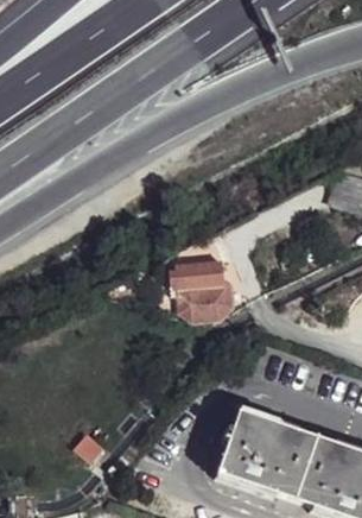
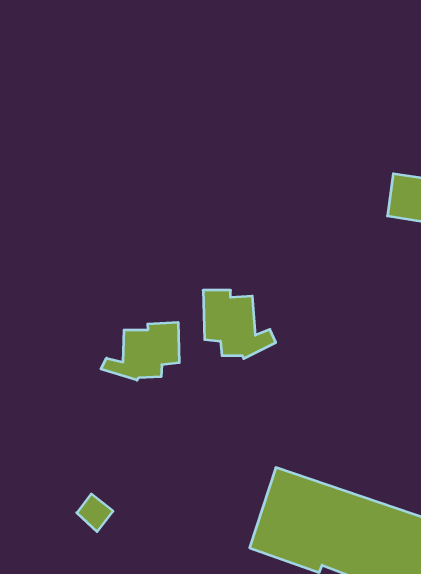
building: none -> [101,322,179,380]

